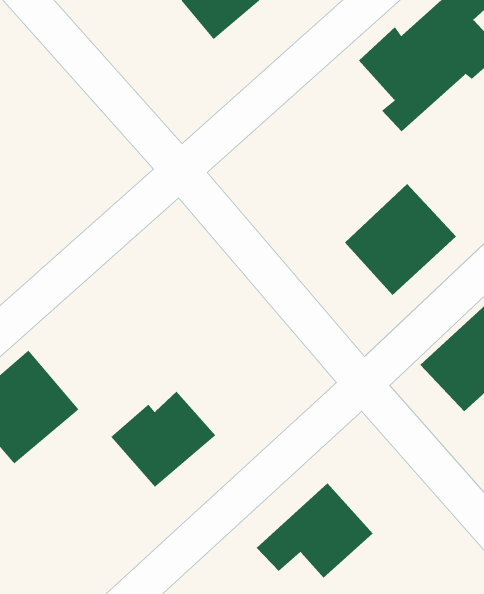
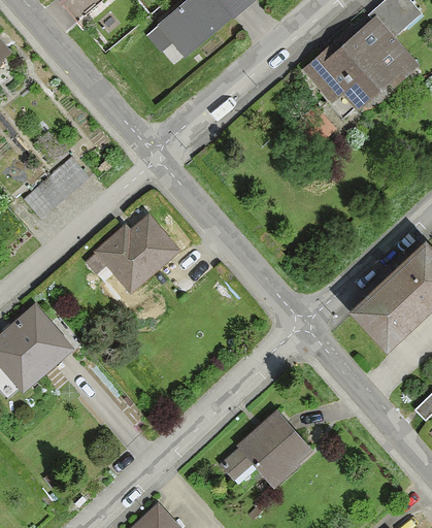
building: none -> [23,159,89,222]
building: [344,183,457,296] -> none
building: [110,391,216,488] -> [92,213,177,292]

